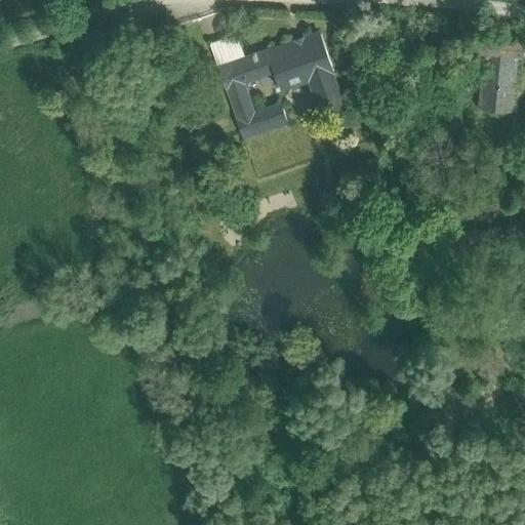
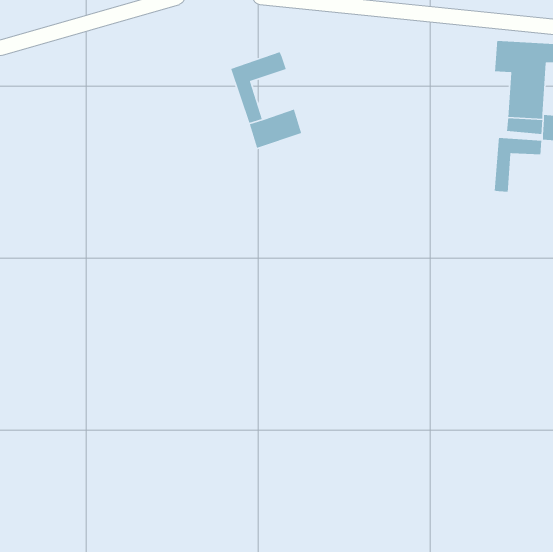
building: [269,36,341,117] -> none
building: none -> [494,137,542,193]

